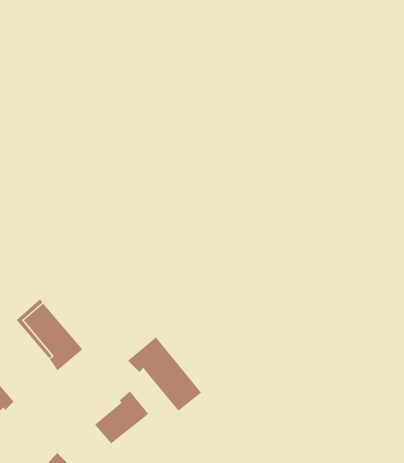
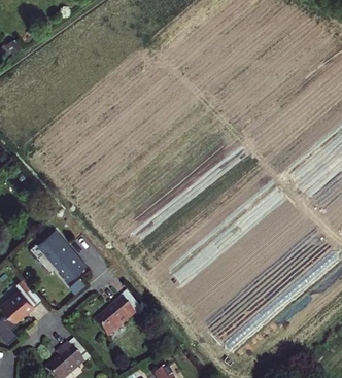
building: [127,337,202,411] -> none

